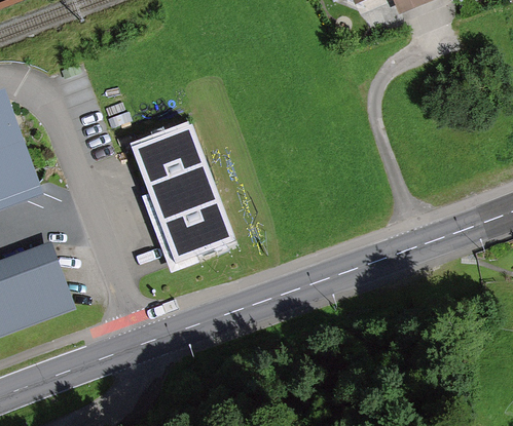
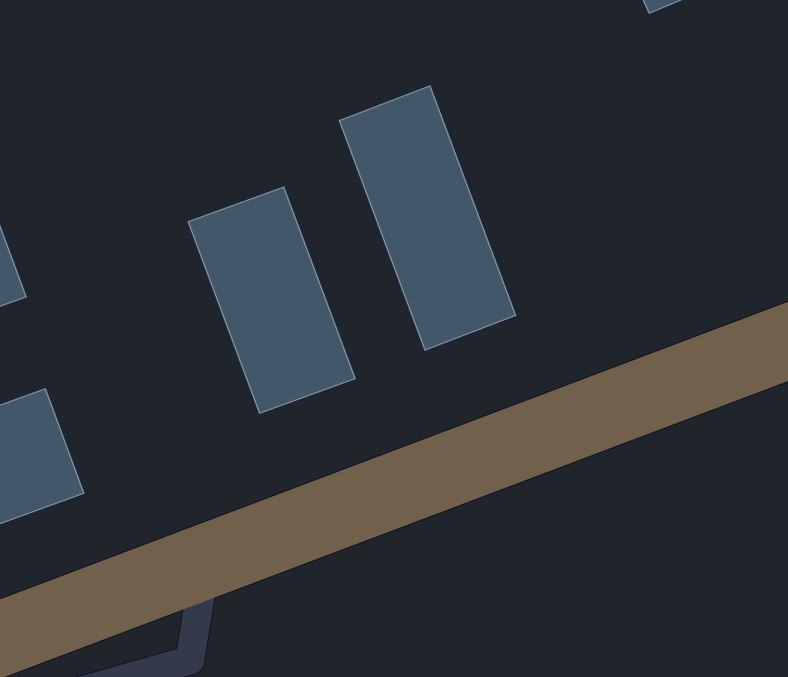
building: none -> [340,86,516,350]

